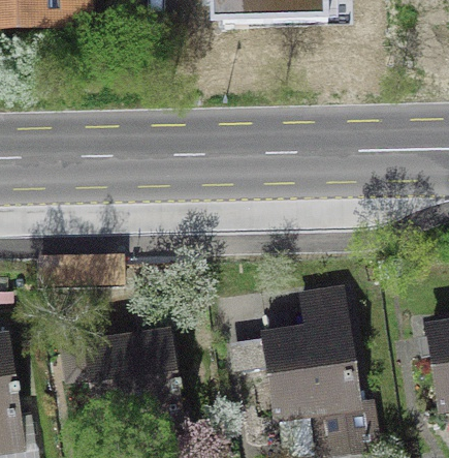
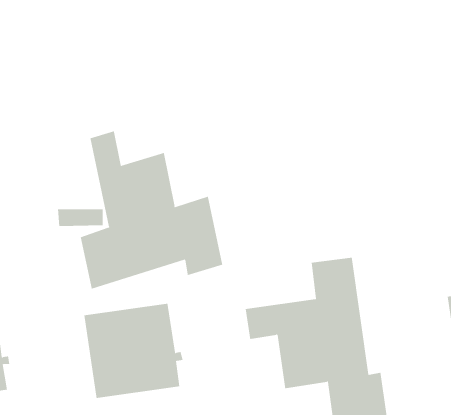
building: none -> [80,130,223,289]

